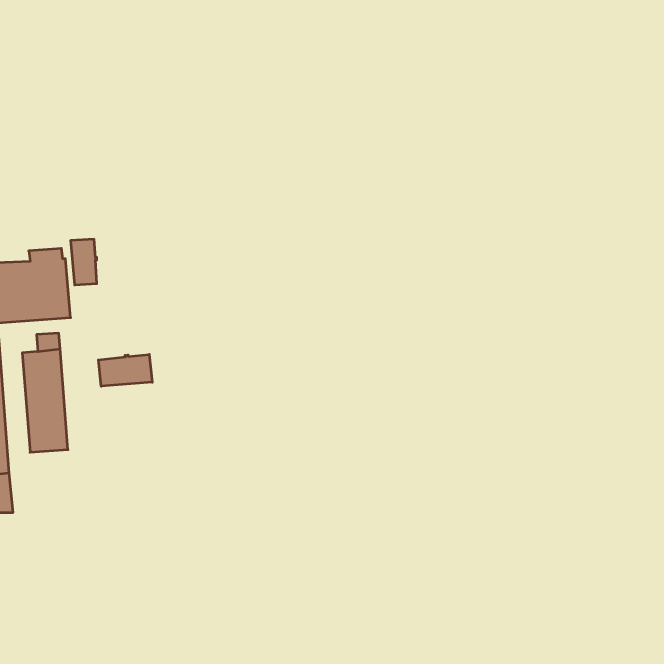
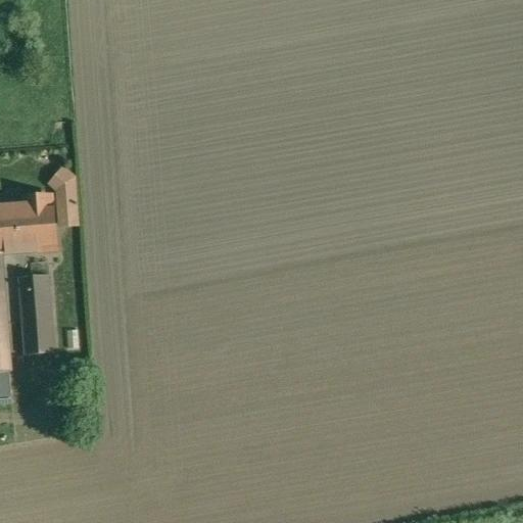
building: [98,354,152,386] -> none

